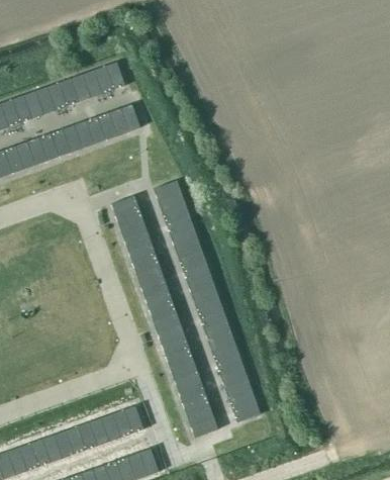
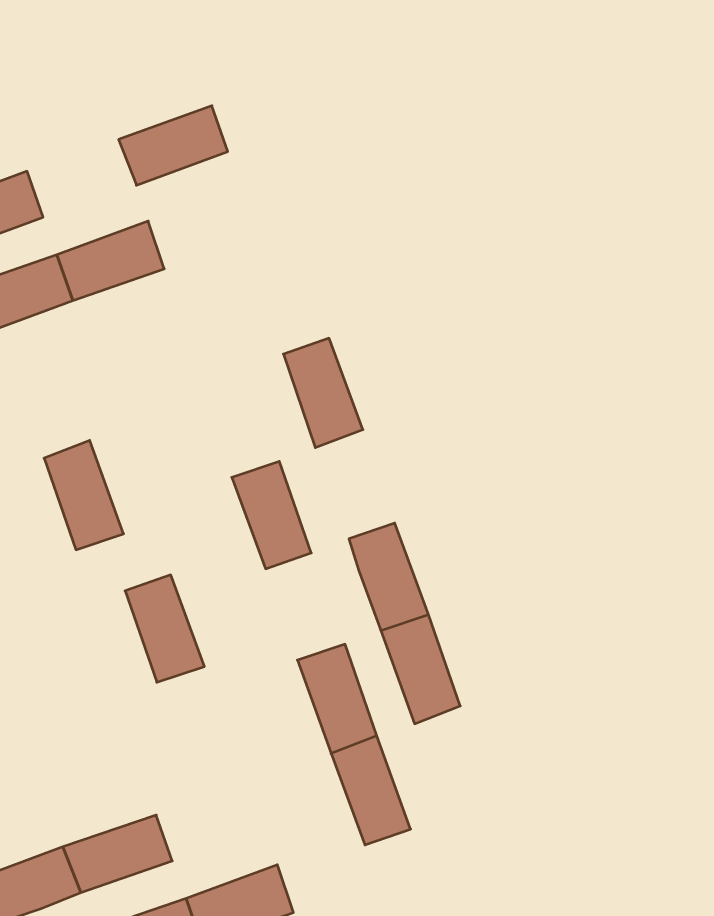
building: [22,79,78,118] -> none
building: [84,104,139,145] -> none
building: [110,195,151,251] -> [44,440,124,550]
building: [169,226,209,282] -> none
building: [143,289,184,344] -> [125,575,204,682]
building: [219,367,260,422] -> none
building: [88,405,142,446] -> none

